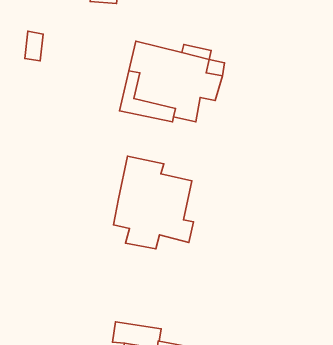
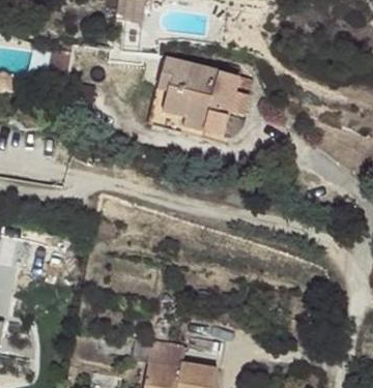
building: [113,156,194,249] -> none

